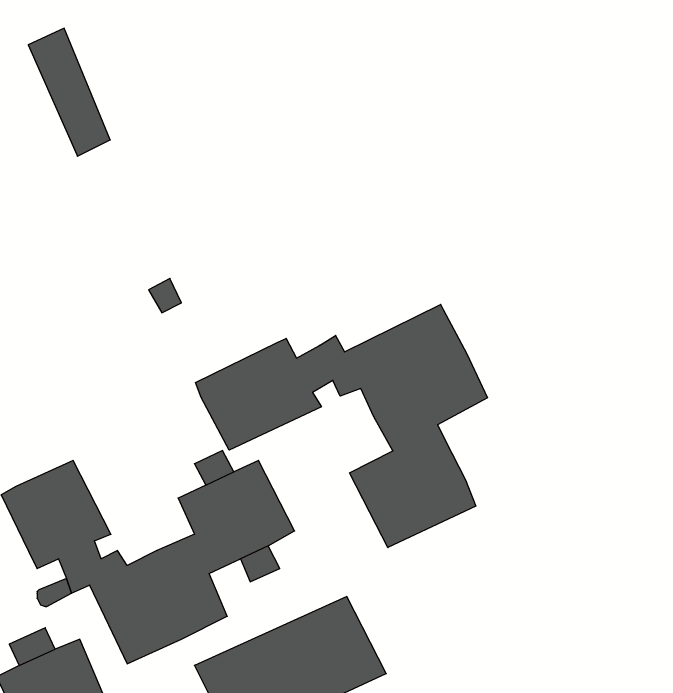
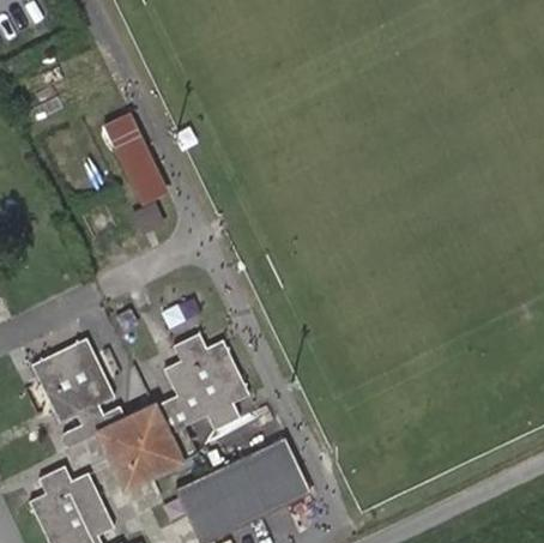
building: [28,28,110,156] -> [103,113,163,206]
building: [195,304,488,548] -> none

